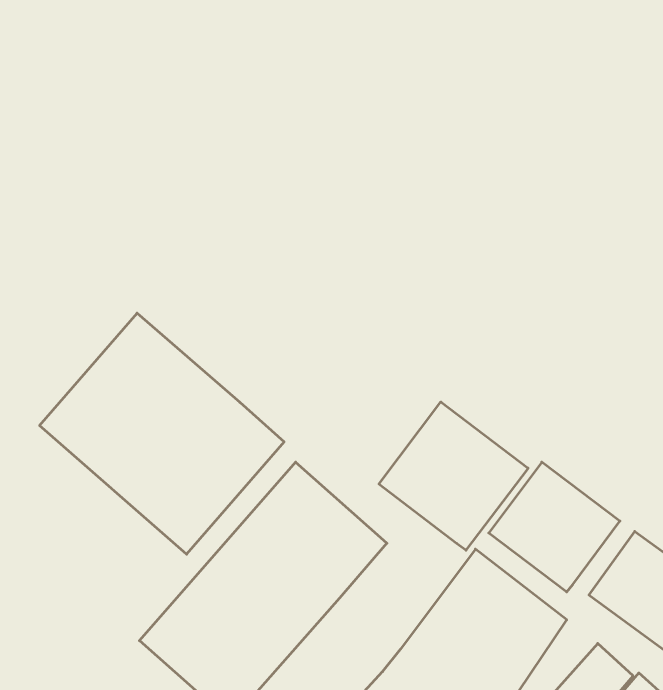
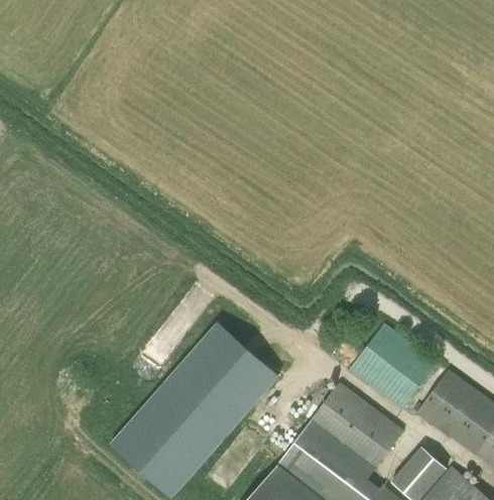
building: [40,313,284,554] -> none
building: [379,402,528,550] -> none

